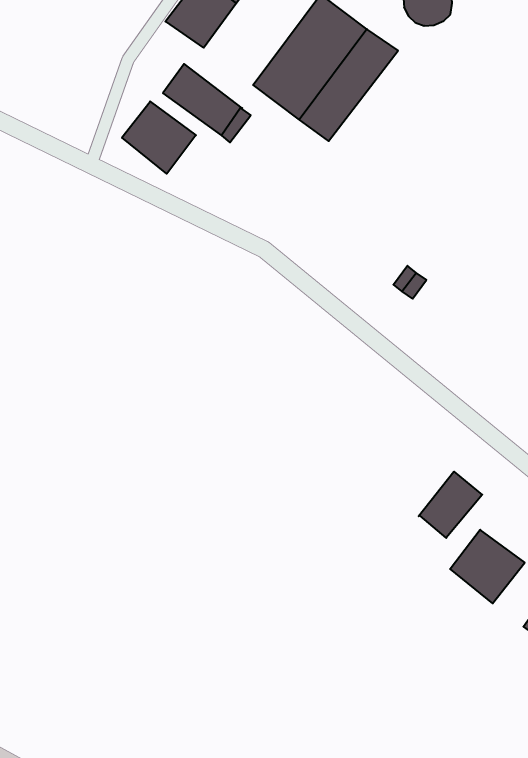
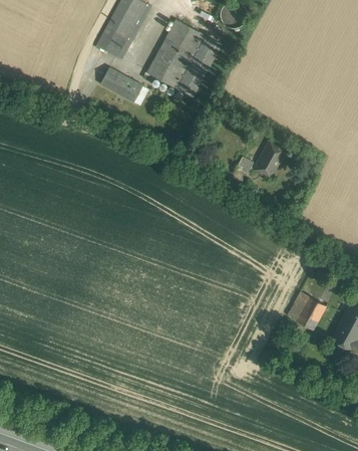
building: [122,101,196,174] -> none
building: none -> [254,141,287,178]
building: [419,472,482,538] -> none

